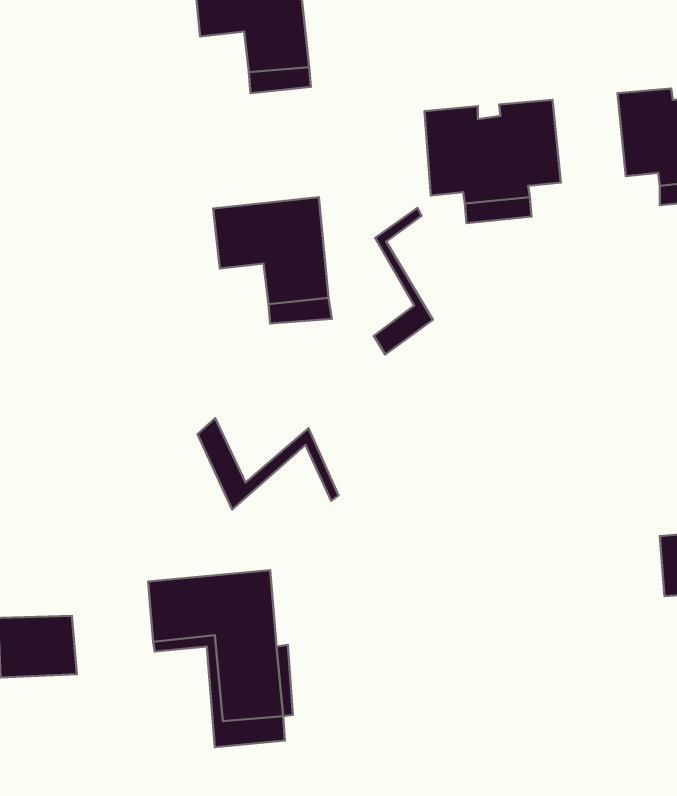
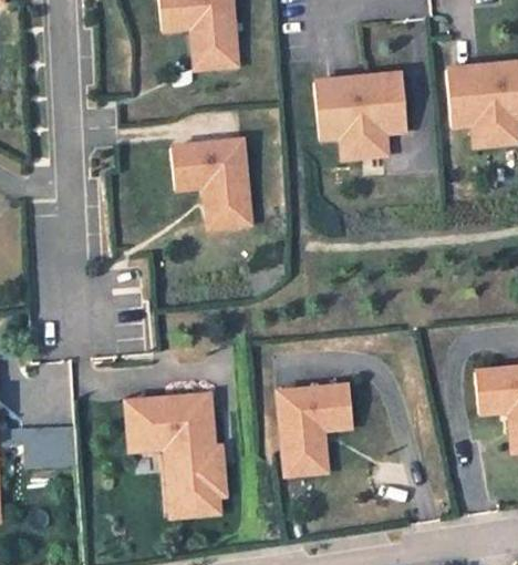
building: [374,208,433,354] -> none
building: [198,418,339,510] -> none
building: none -> [278,384,353,460]

